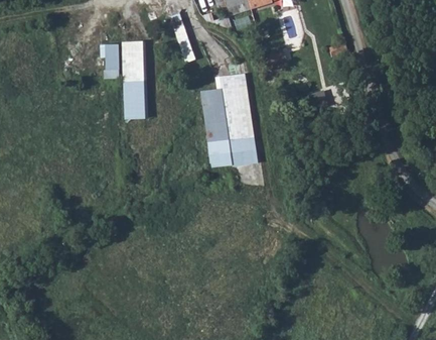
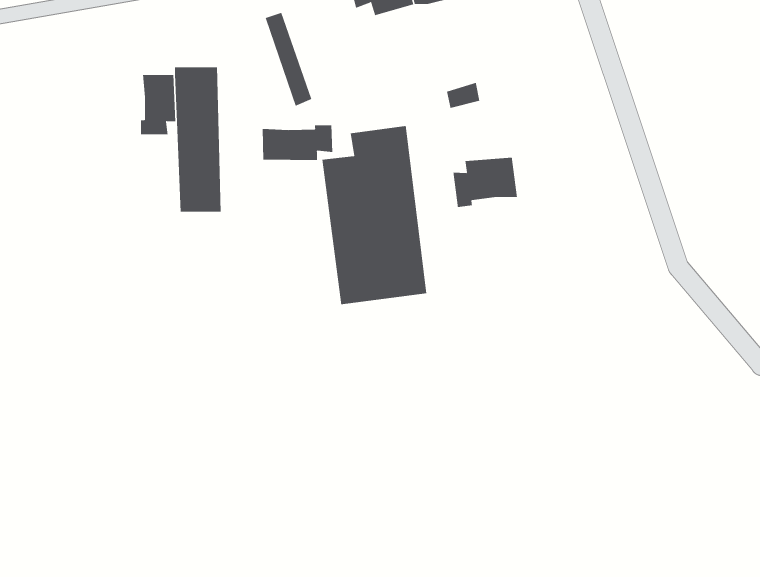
building: none -> [262,124,333,161]
building: none -> [453,157,518,208]

